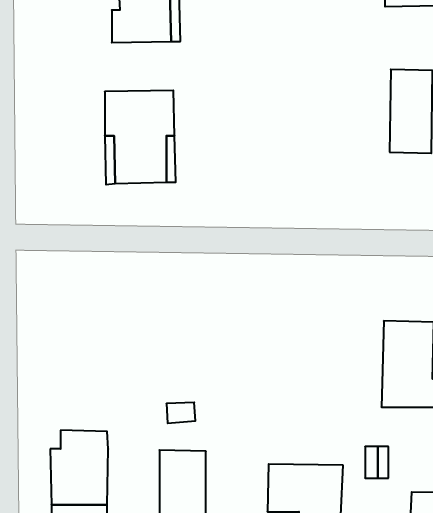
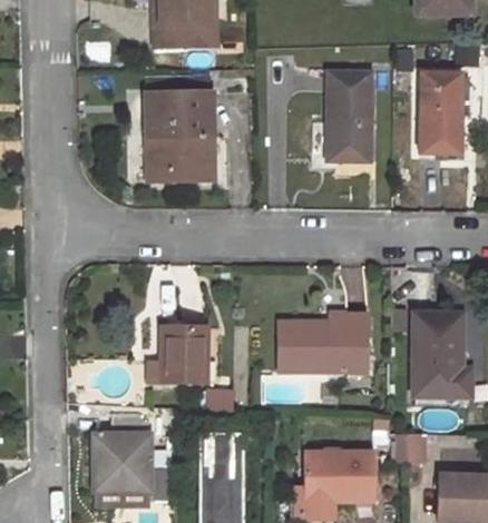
building: none -> [326,71,370,159]
building: none -> [280,308,369,372]
building: none -> [160,326,207,382]

